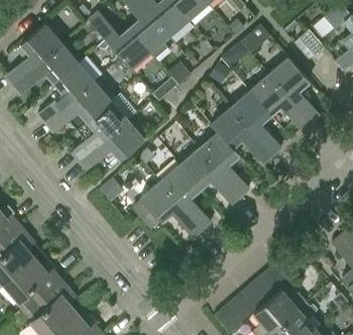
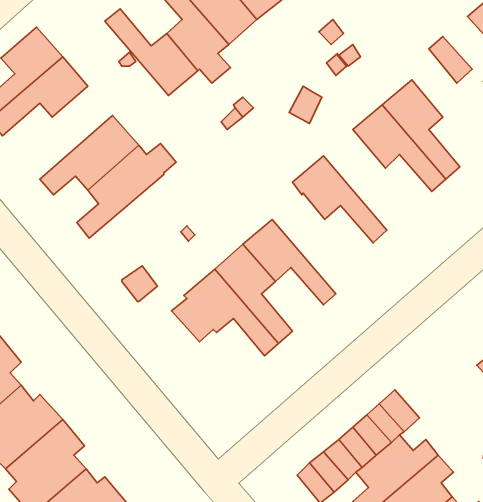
building: [38,63,94,123] -> none
building: [231,91,282,156] -> none
building: [79,120,144,171] -> none
building: [198,132,249,198] -> none

